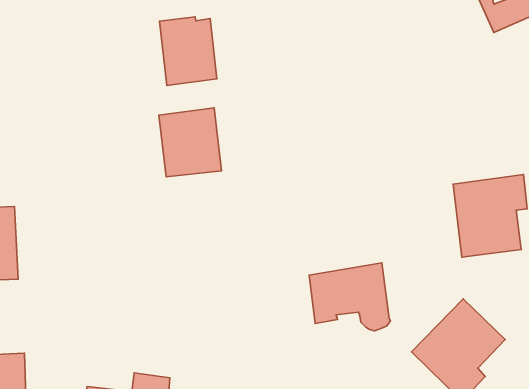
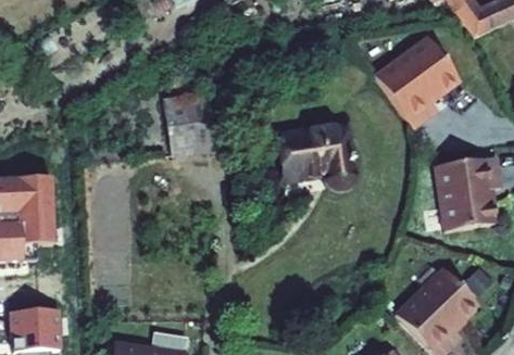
building: [159,17,217,85] -> none
building: none -> [373,41,457,131]
building: [309,263,390,331] -> [289,131,361,191]

